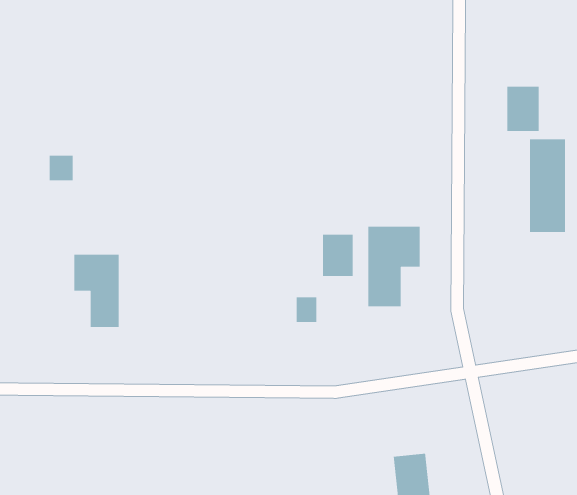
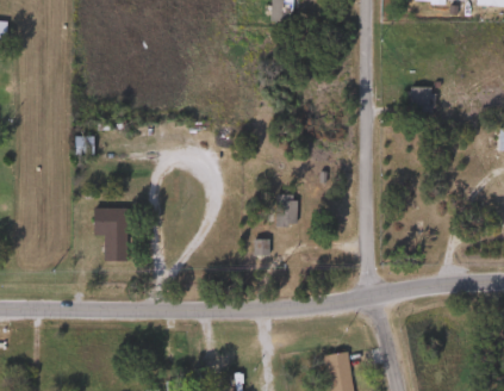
building: [529,138,566,233] -> none
building: [367,226,421,307] -> none

